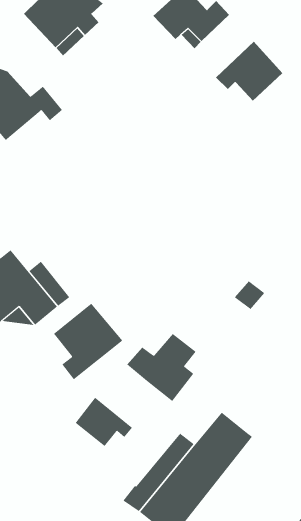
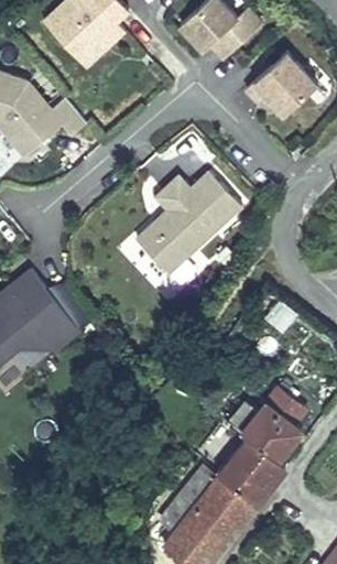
building: none -> [135,172,241,274]
building: [53,303,123,380] -> none
building: [127,333,196,402] -> [231,392,305,465]
building: [75,397,133,447] -> none

